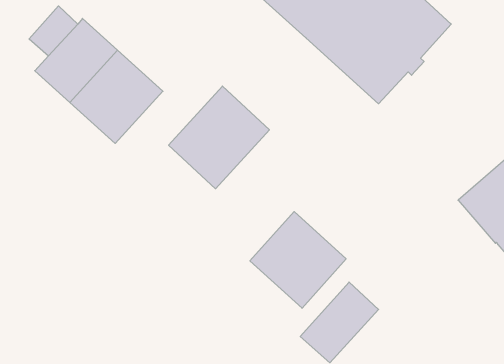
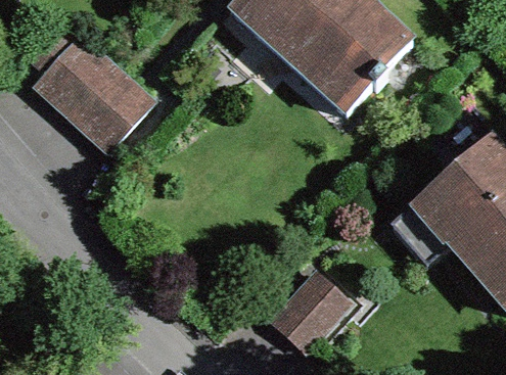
building: [169,86,269,189] -> none
building: [250,212,346,308] -> none

